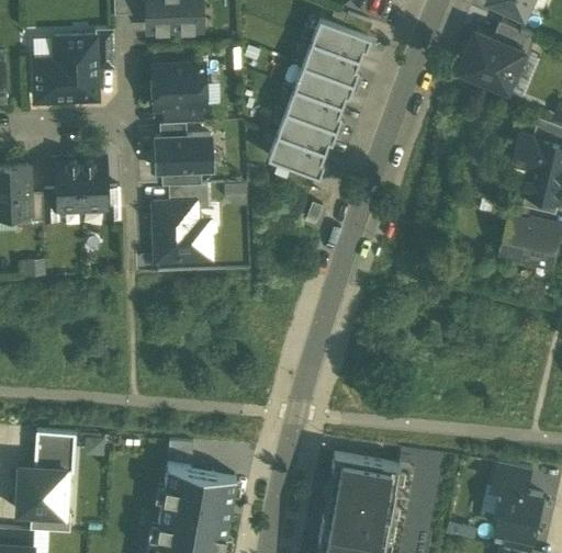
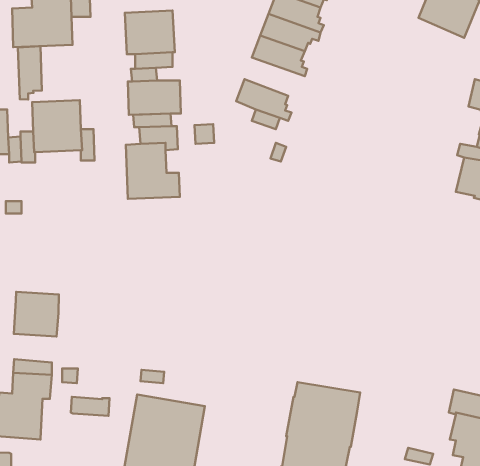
building: none -> [18,46,42,100]
building: [278,113,341,154] -> none
building: none -> [14,292,59,337]
building: [30,514,70,533] -> [71,397,109,416]

